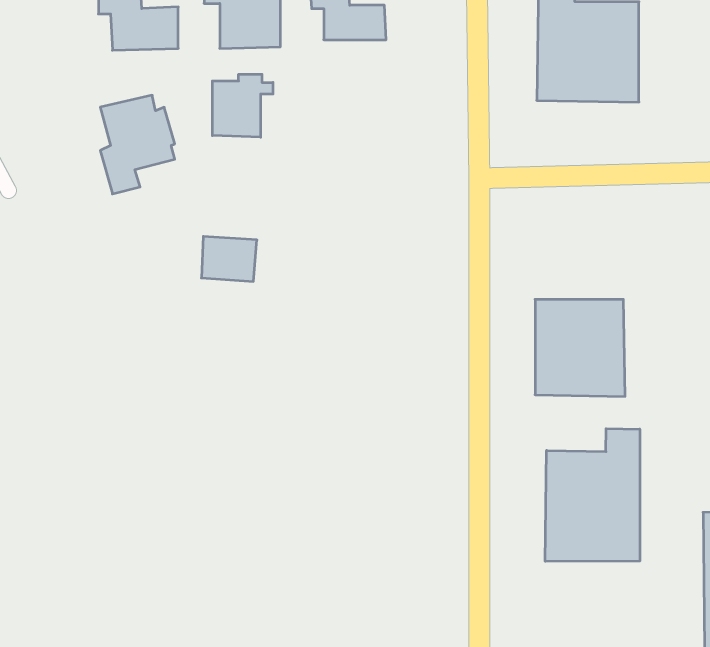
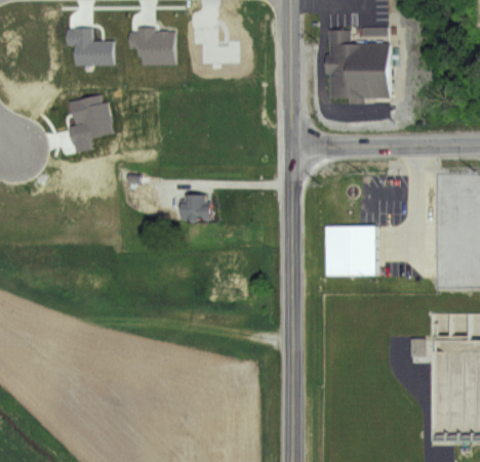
building: [212,74,273,137] -> none
building: [201,236,257,281] -> [182,191,214,217]
building: [545,429,640,561] -> none

